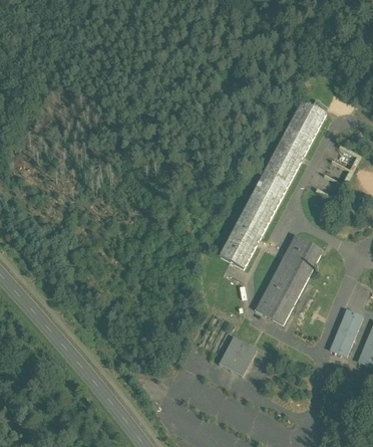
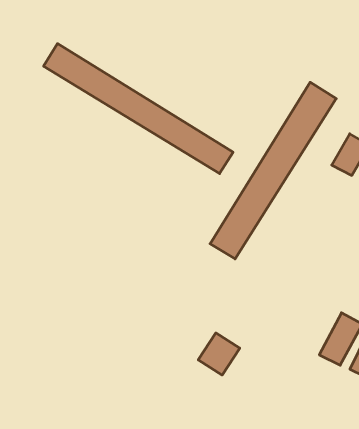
building: none -> [44,44,233,174]
building: [254,233,324,323] -> none

